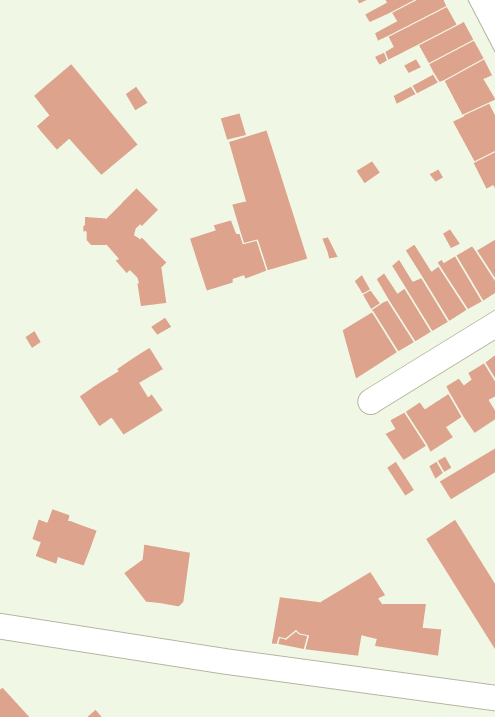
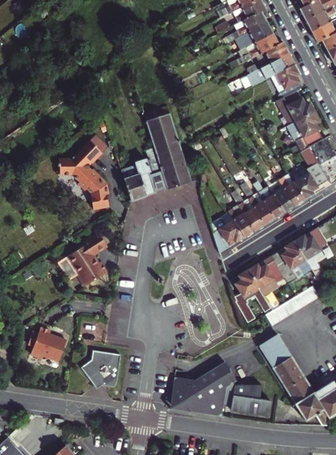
building: [33,63,138,176] -> none

